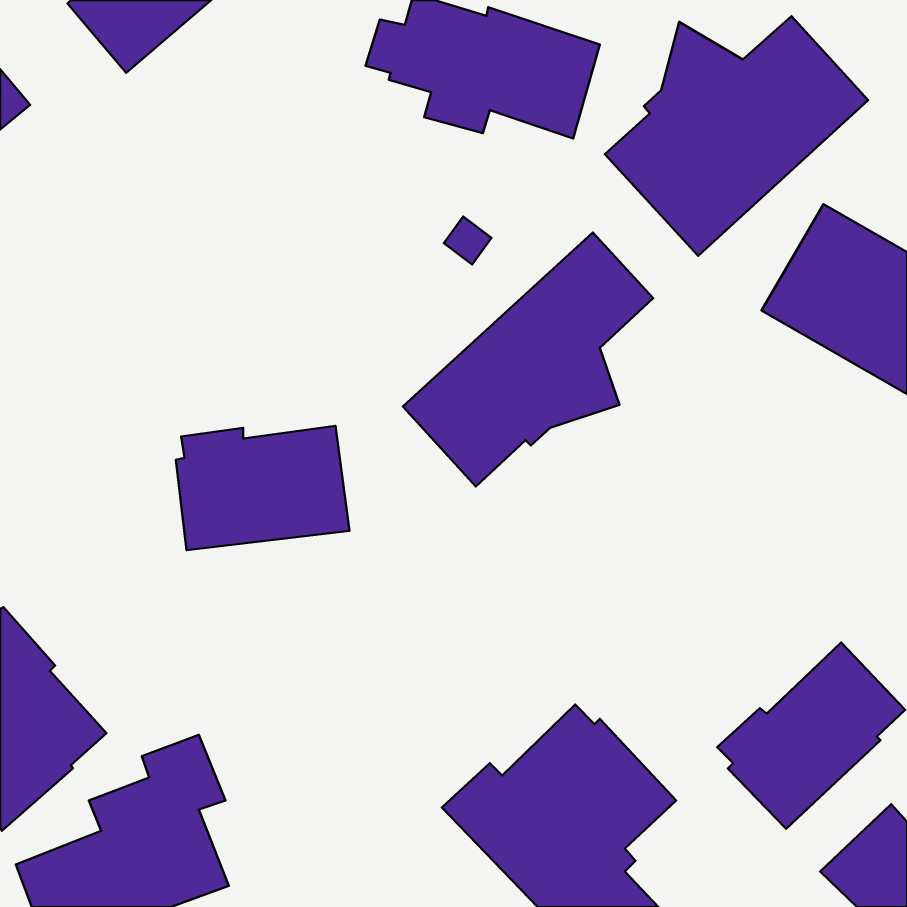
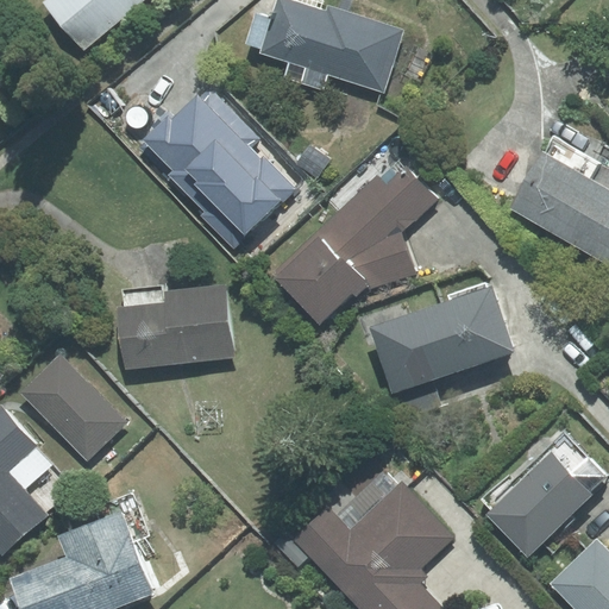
building: [605,16,868,256] -> none
building: none -> [144,84,295,247]
building: none -> [370,283,513,393]
building: none -> [21,356,126,460]

